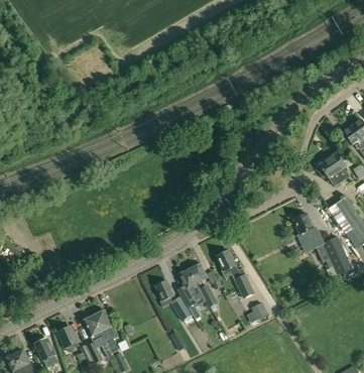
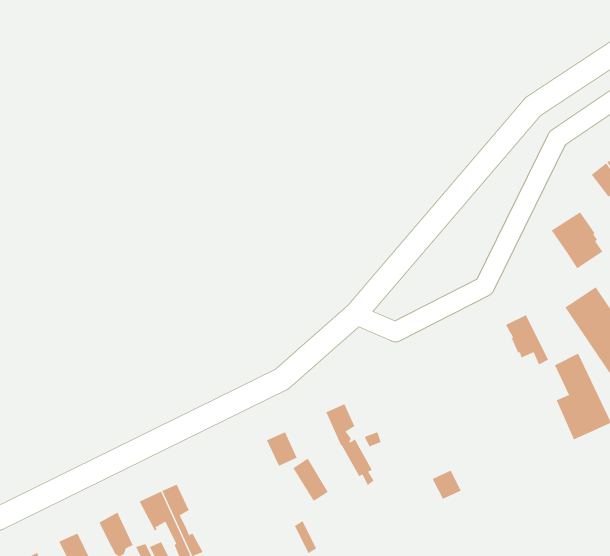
building: [217,250,254,297] -> none
building: [178,268,203,319] -> none

